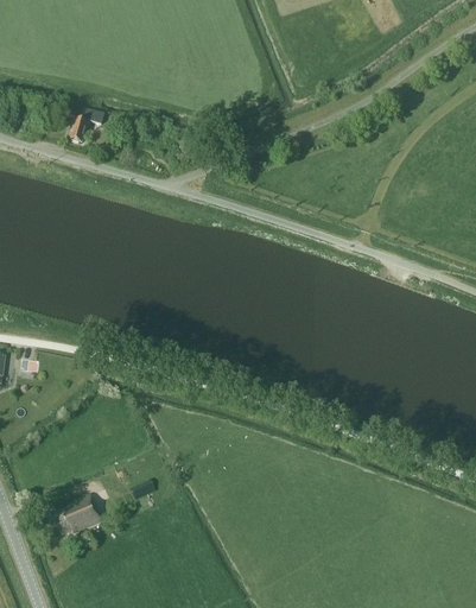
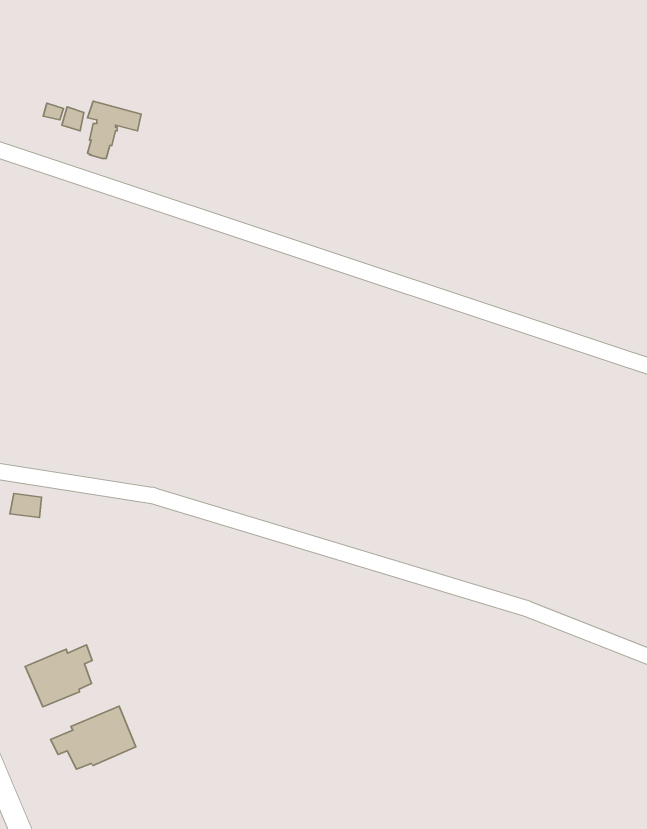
building: none -> [25,645,92,707]

